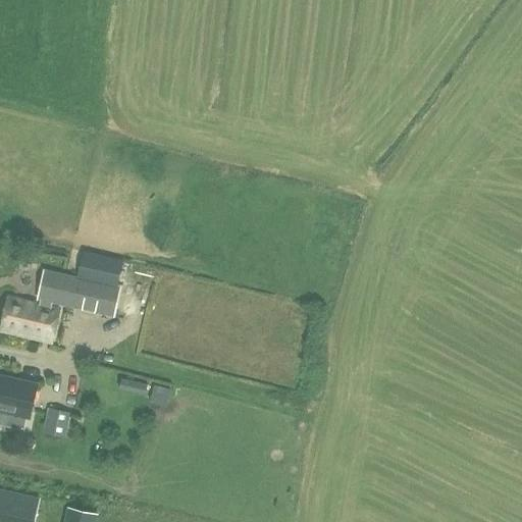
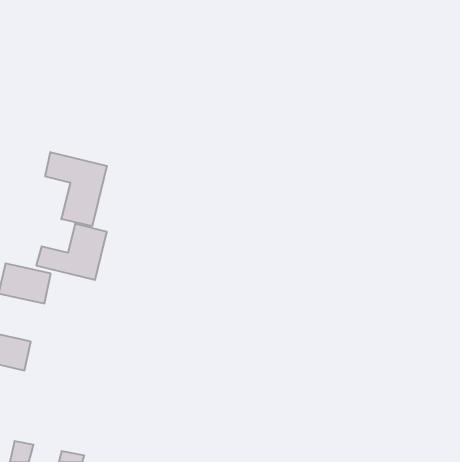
building: none -> [45,152,107,226]
building: [41,407,68,437] -> none

